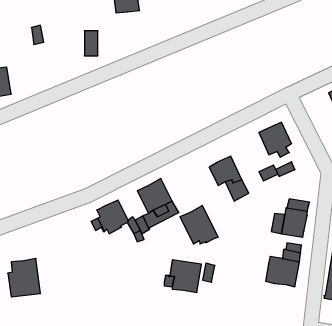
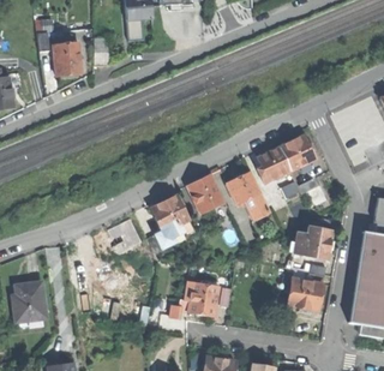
building: none -> [53,43,82,76]
building: none -> [257,146,290,184]
building: [180,206,218,244] -> [186,173,227,214]

